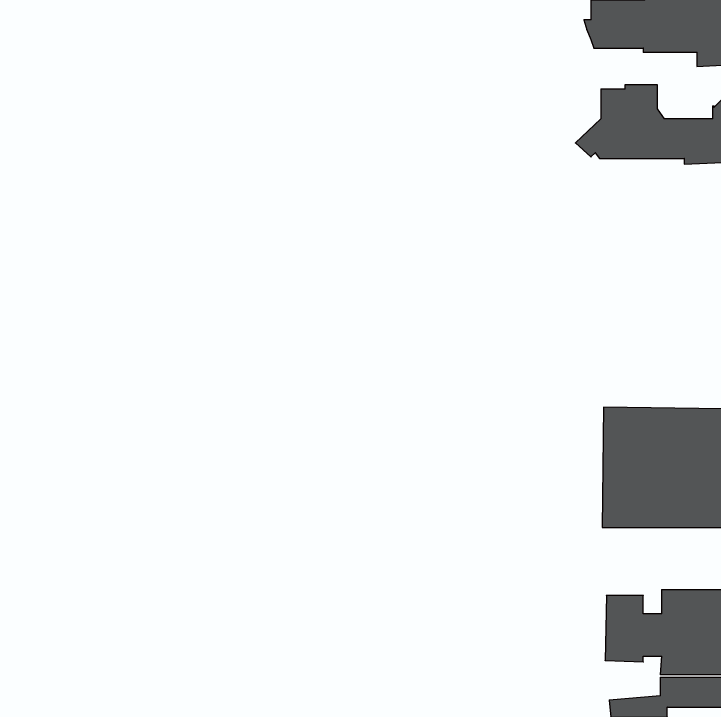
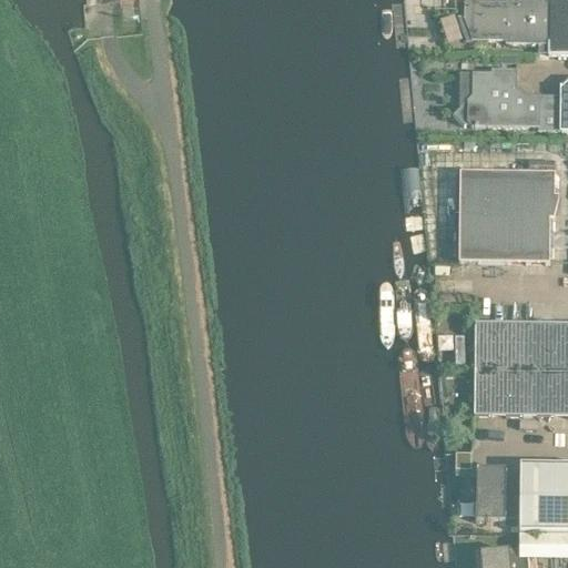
building: none -> [459,169,555,261]

